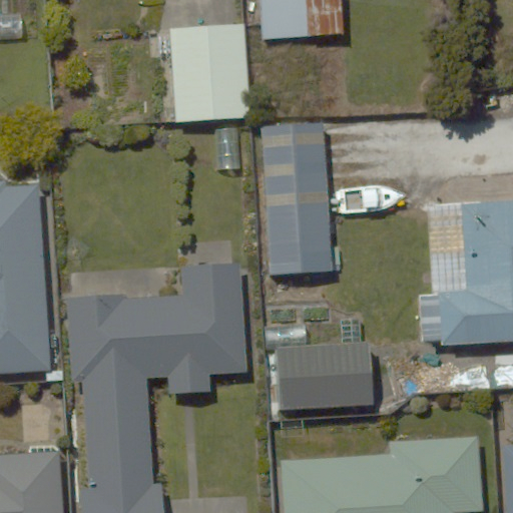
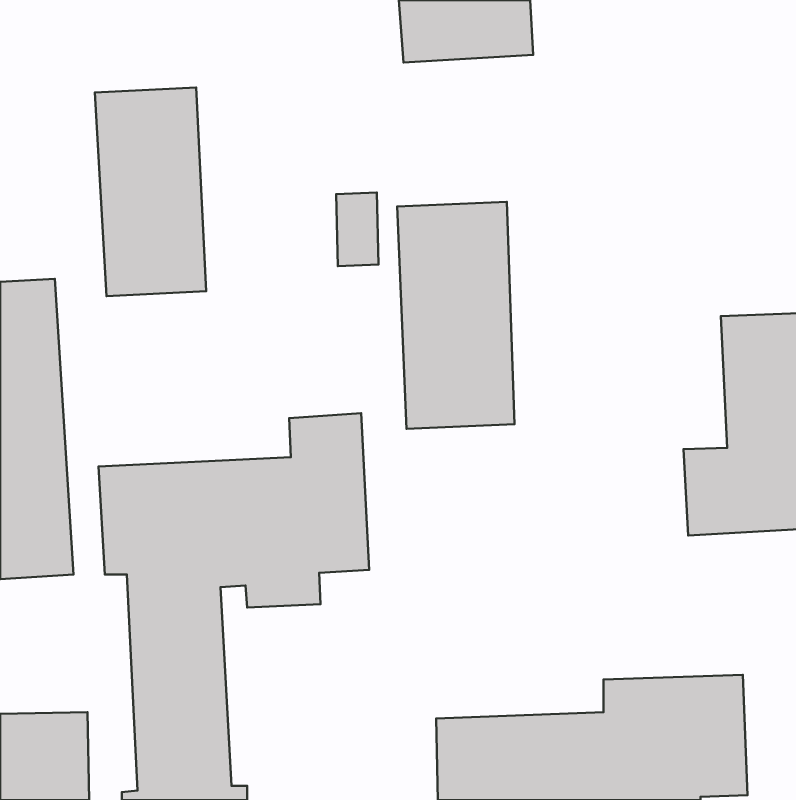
building: [168,23,253,121] -> none
building: none -> [95,88,206,296]
building: [274,339,370,412] -> none

